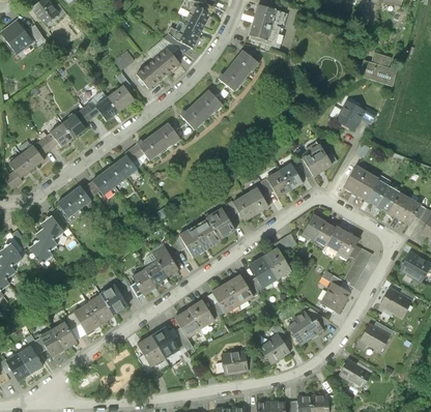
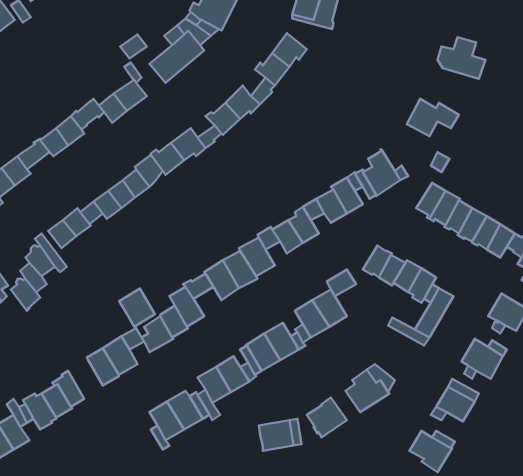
building: none -> [119,289,155,327]
building: [319,282,349,313] -> none
building: [73,303,100,333] -> none

